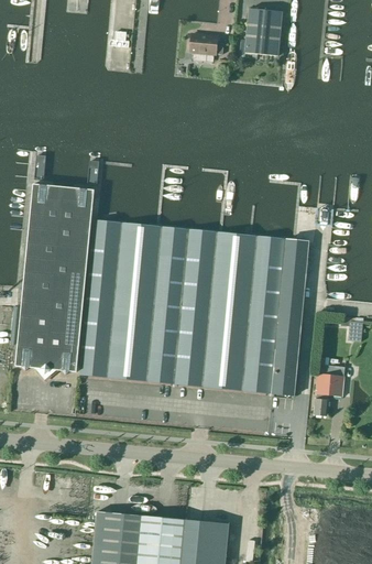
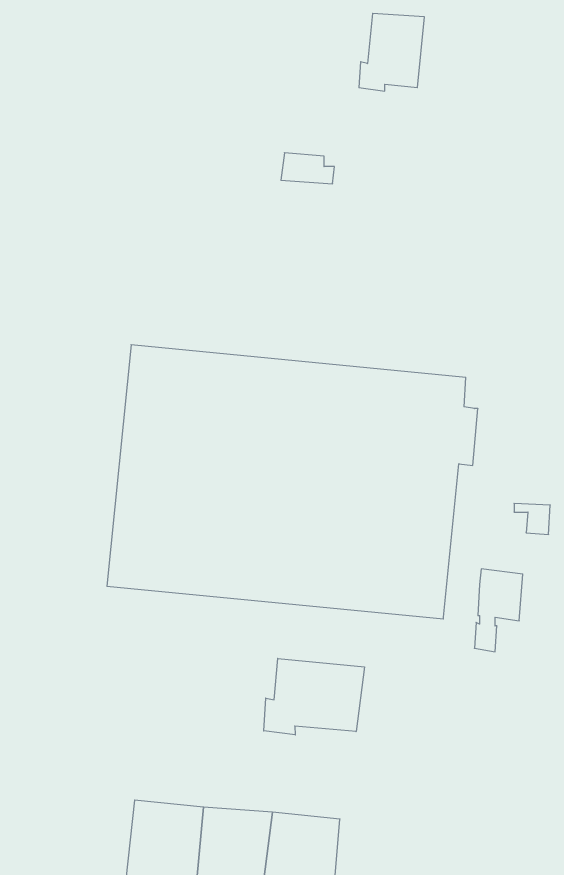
building: [189,34,223,54] -> [281,153,334,184]
building: [15,184,95,375] -> none
building: none -> [264,658,364,735]

